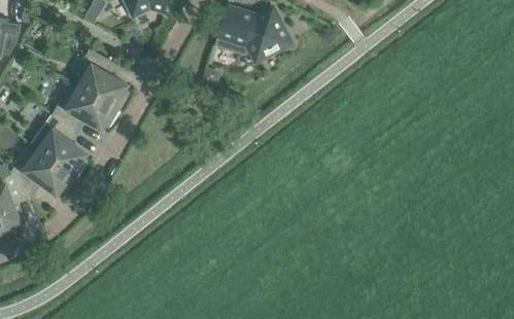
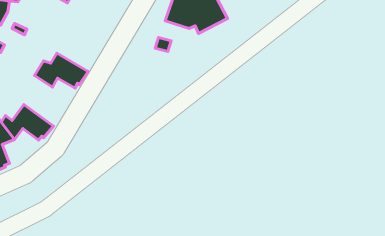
building: [79,48,128,109] -> none
building: [30,114,87,177] -> none

